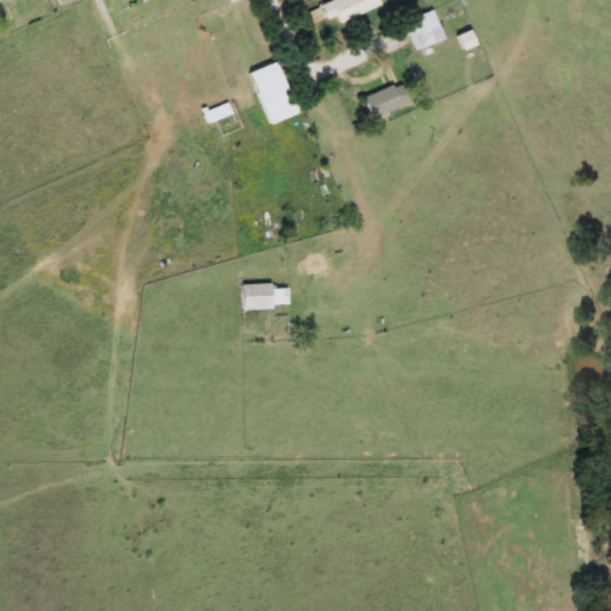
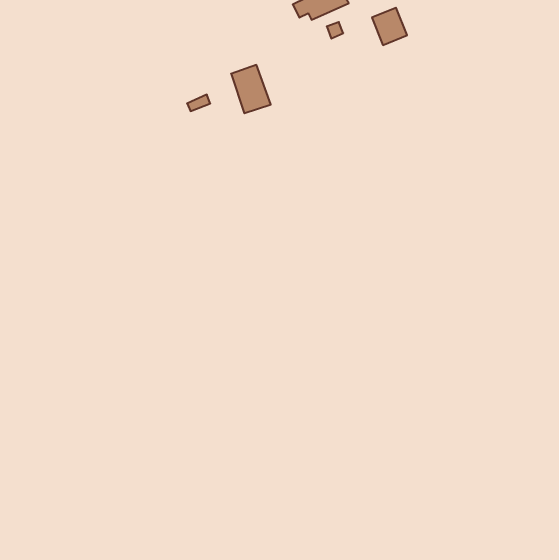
building: [364,81,407,117] -> none
building: [242,283,289,307] -> none

